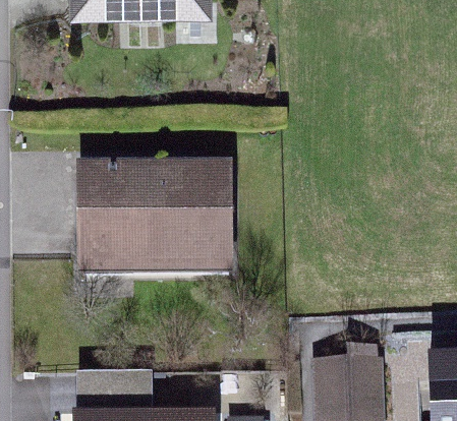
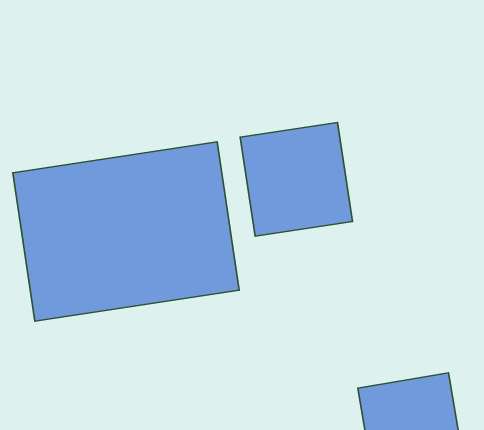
building: none -> [240,122,353,236]

